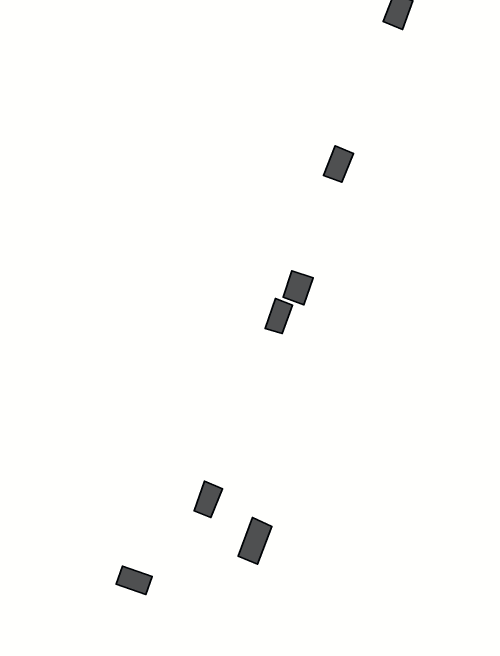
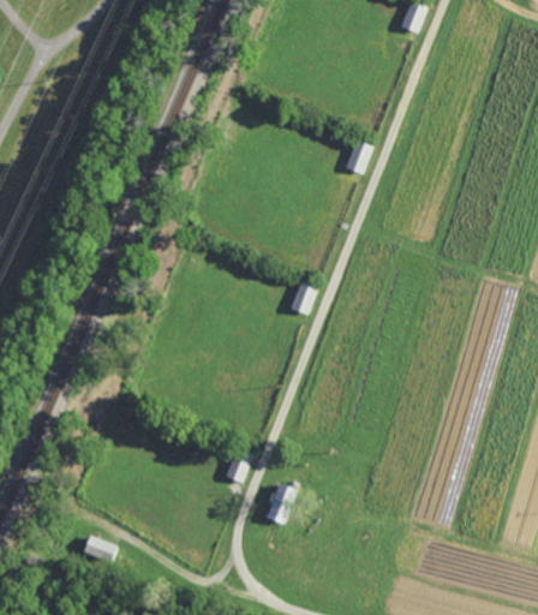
building: [283,271,313,305] -> none
building: [116,566,152,595] -> [85,538,119,565]

